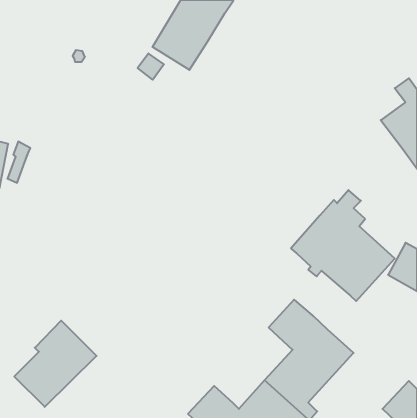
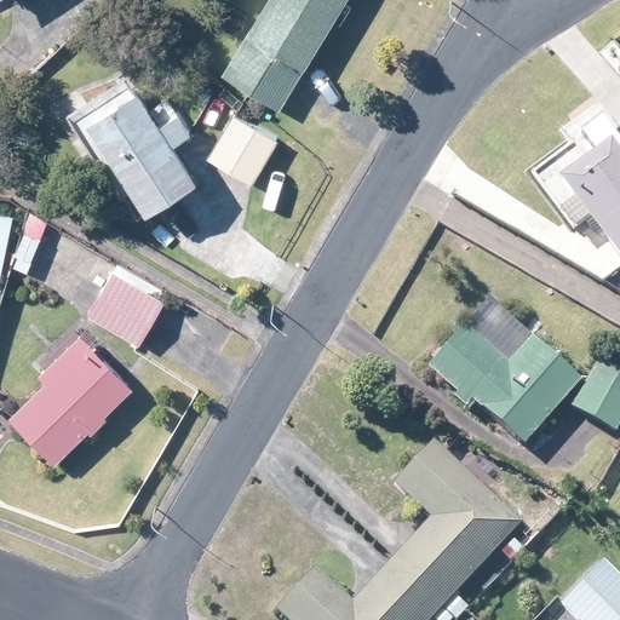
building: none -> [93,85,203,209]
building: none -> [207,114,277,183]
building: none -> [88,271,163,343]
building: [14,321,97,407] -> [11,334,132,461]

